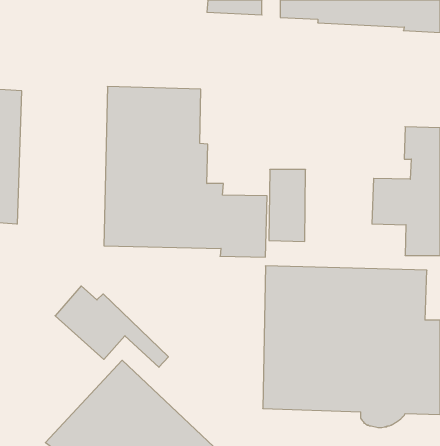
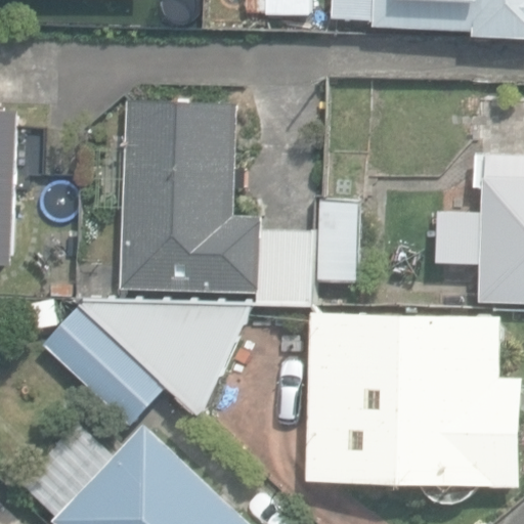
building: none -> [77,299,249,419]

